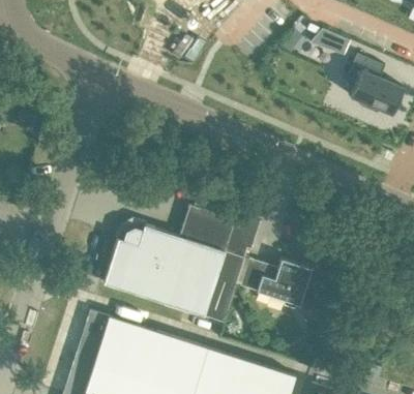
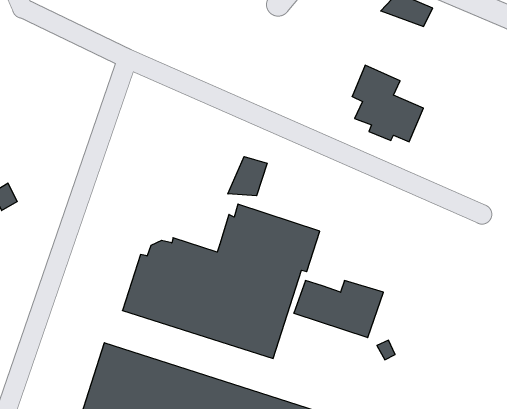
building: [347,55,404,116] -> [352,65,423,142]
building: none -> [228,157,267,196]

